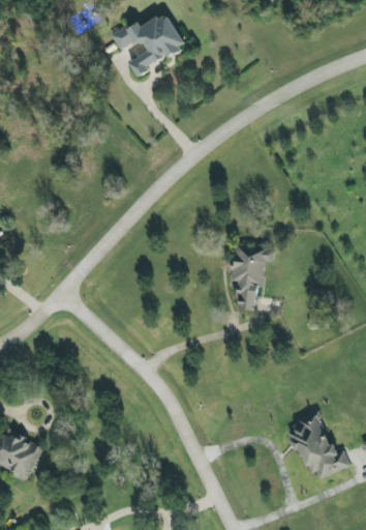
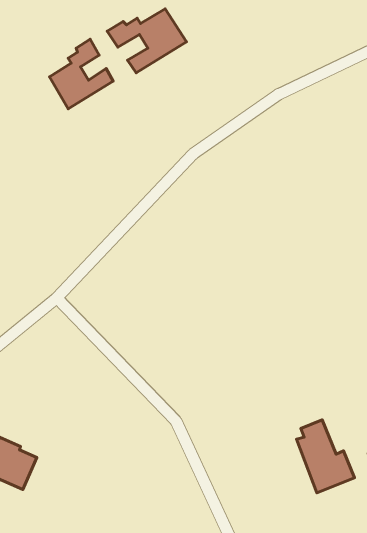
building: none -> [49,39,113,109]
building: [232,244,274,311] -> none

